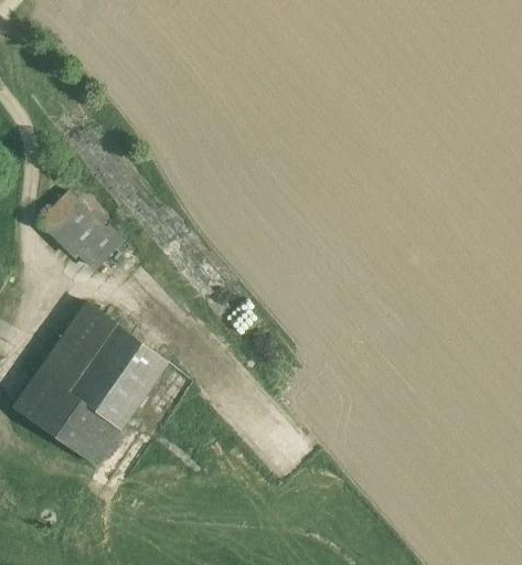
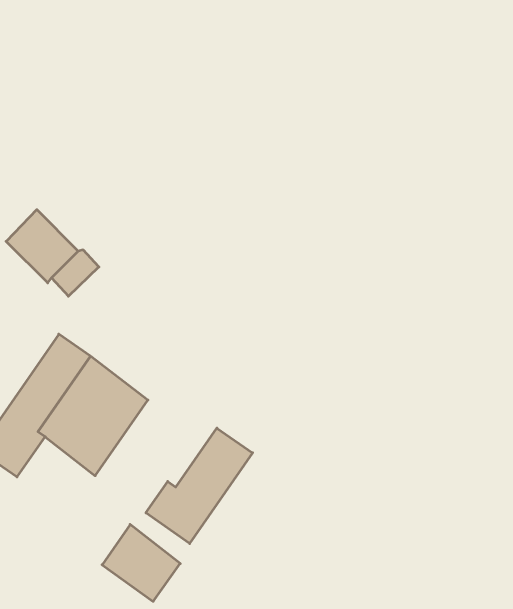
building: none -> [146,428,253,544]
building: [47,395,118,465] -> [102,524,180,601]

